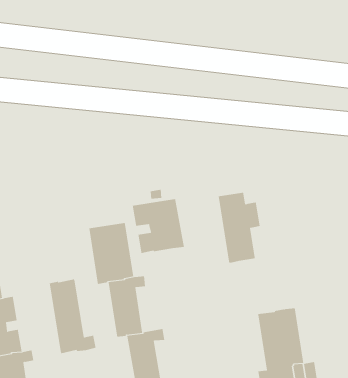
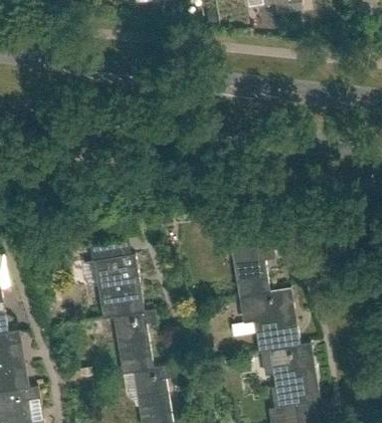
building: [132,198,184,254] -> none
building: none -> [241,286,298,351]
building: [49,279,96,354] -> none

